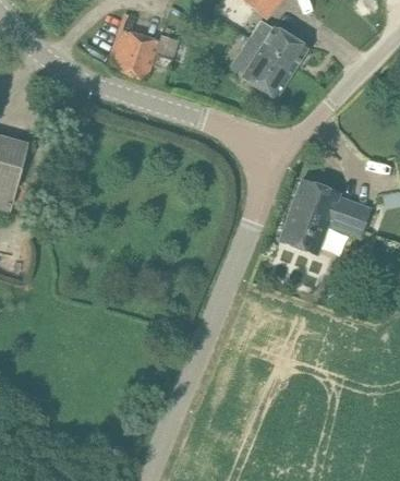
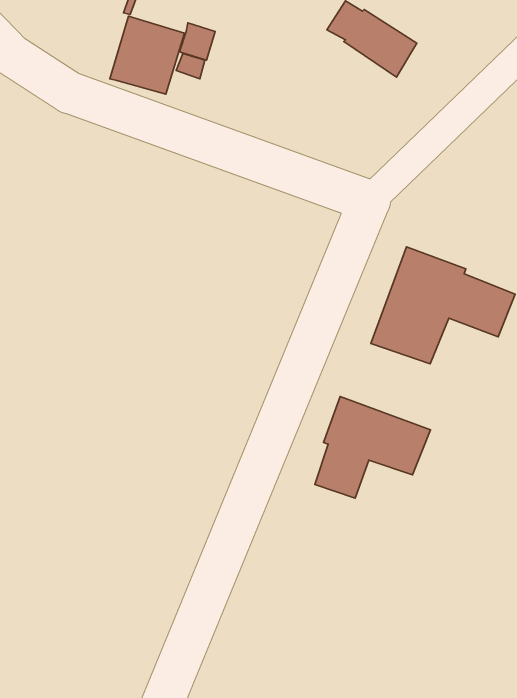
building: [242,46,295,99] -> none
building: none -> [315,396,431,498]

